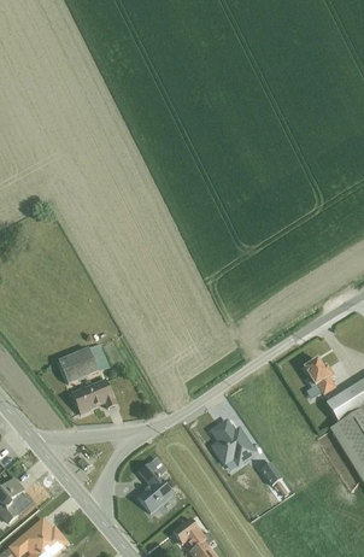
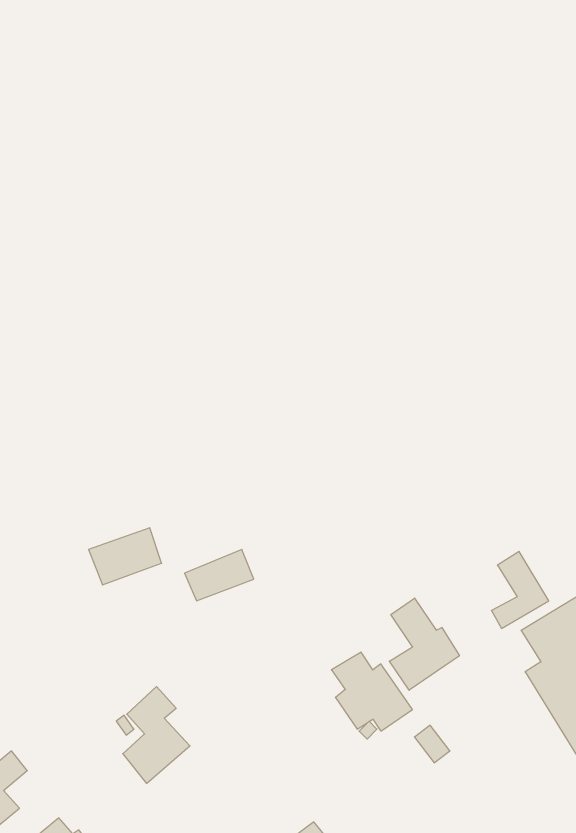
building: [72,377,115,409] -> [185,549,254,601]
building: none -> [389,598,459,690]
building: [136,456,177,515] -> [123,687,190,783]

